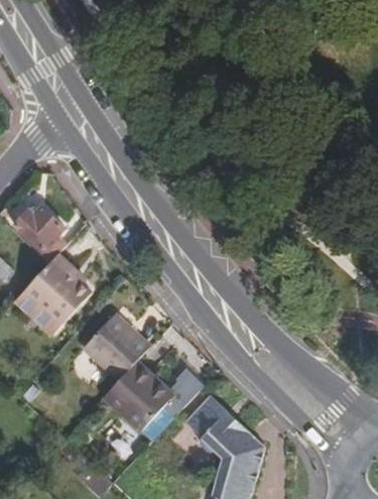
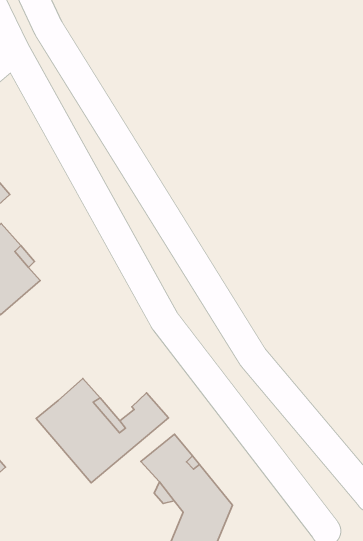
building: [83,316,149,382] -> none

